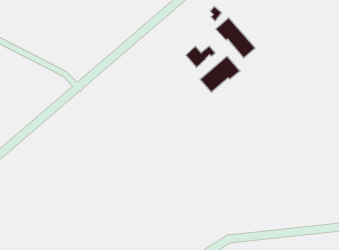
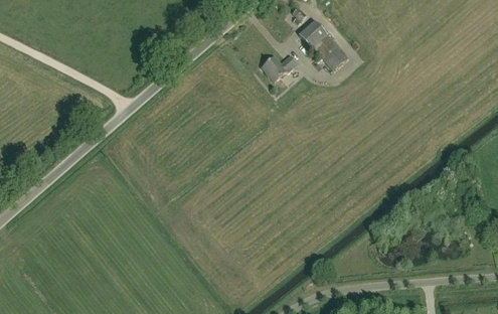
building: [200,56,240,92] -> none

